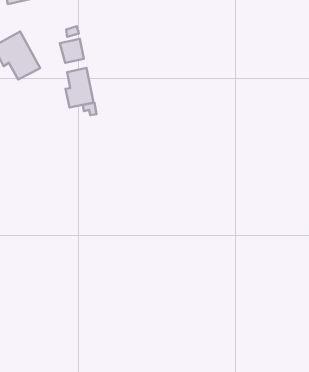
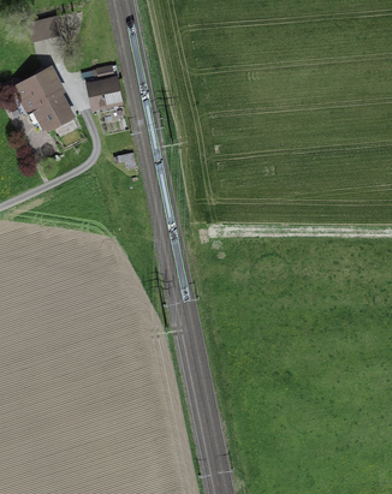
building: [66,68,94,107] -> none

